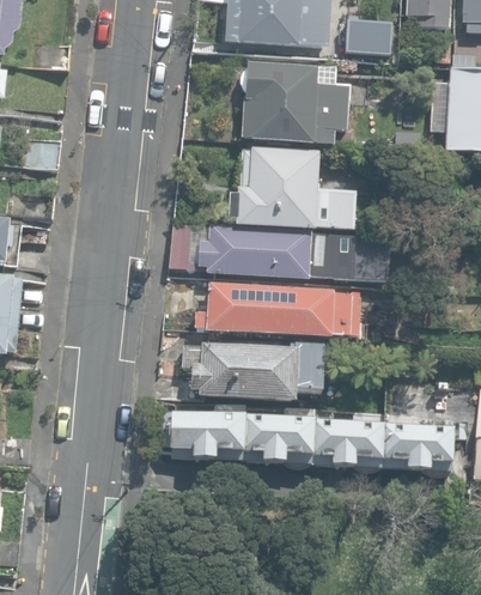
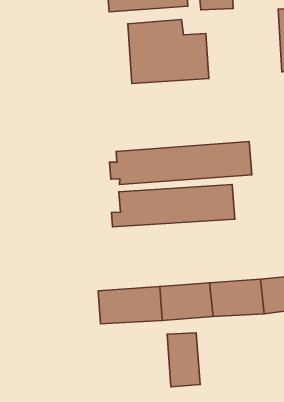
building: [230,148,355,230] -> none
building: [178,336,318,406] -> none
building: none -> [167,333,200,387]

